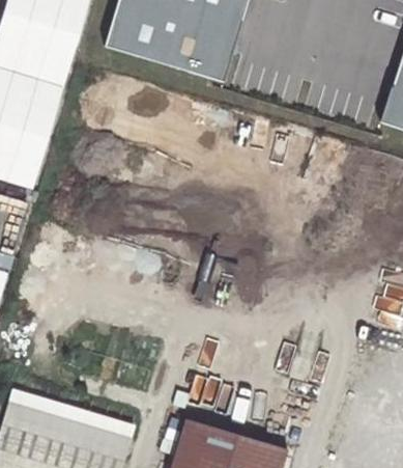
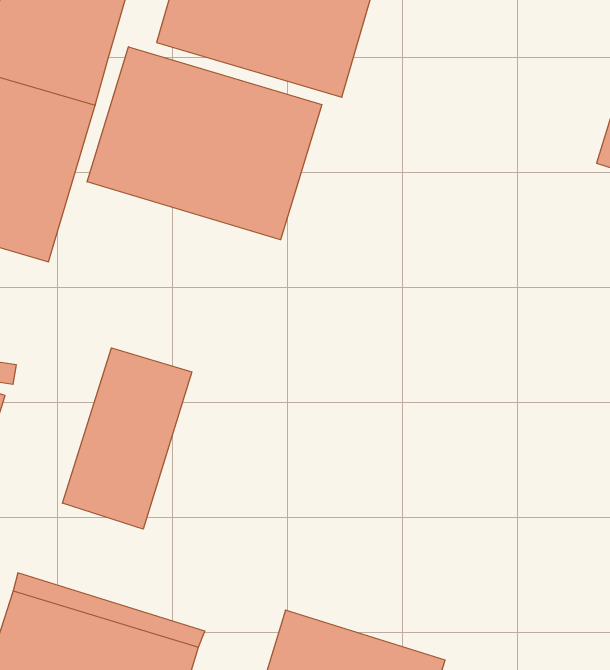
building: none -> [87,47,322,240]
building: none -> [62,348,192,529]

